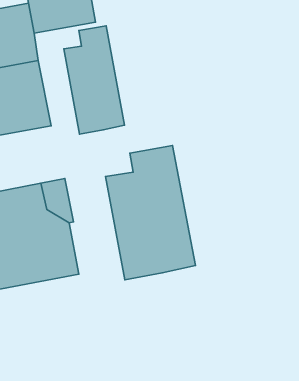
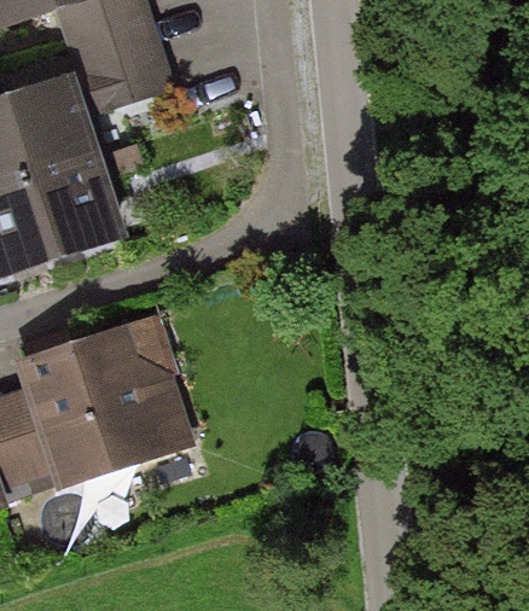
building: [64,26,125,134] -> none
building: [106,145,195,280] -> none

